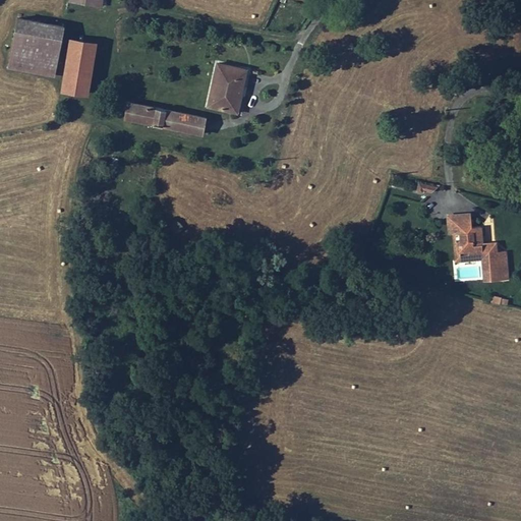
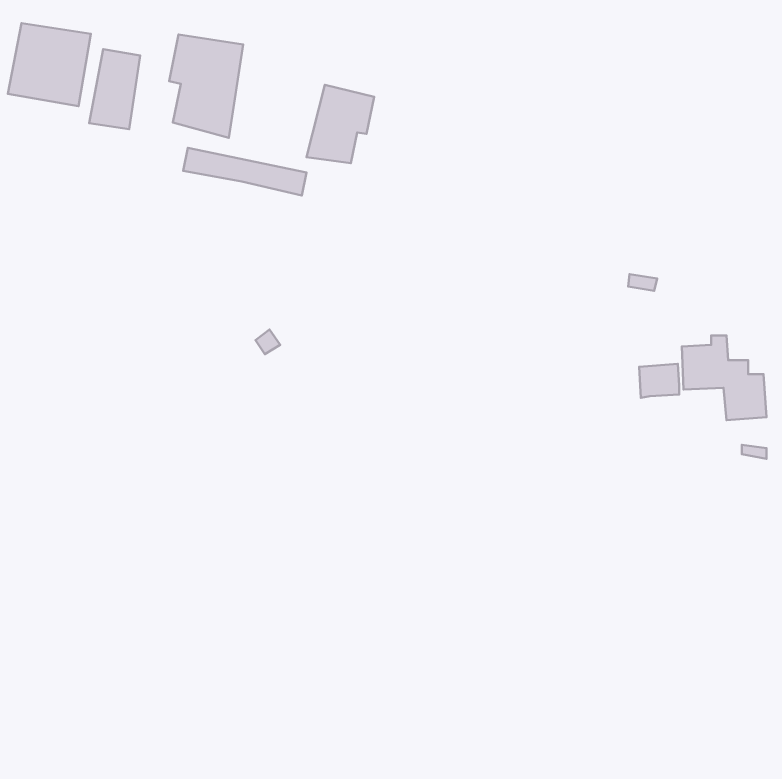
building: none -> [169,34,243,138]
building: [447,213,473,235] -> [639,364,679,398]

